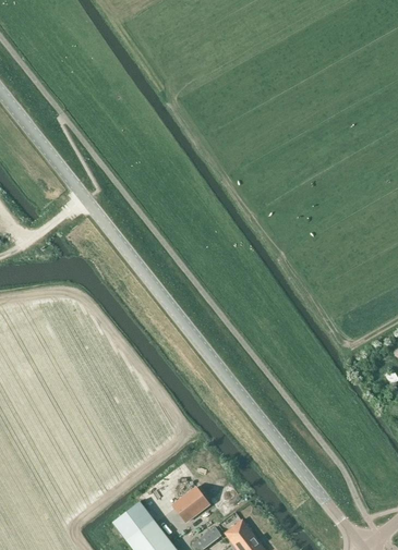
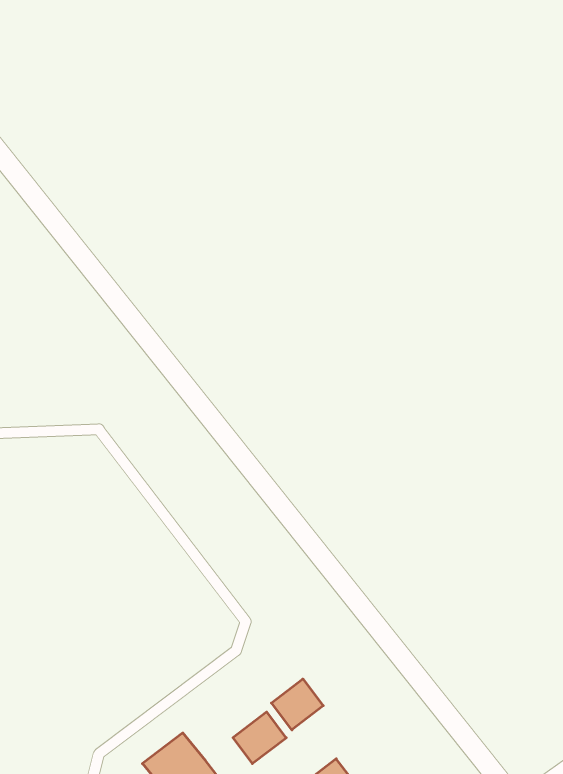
building: none -> [271,679,323,730]

